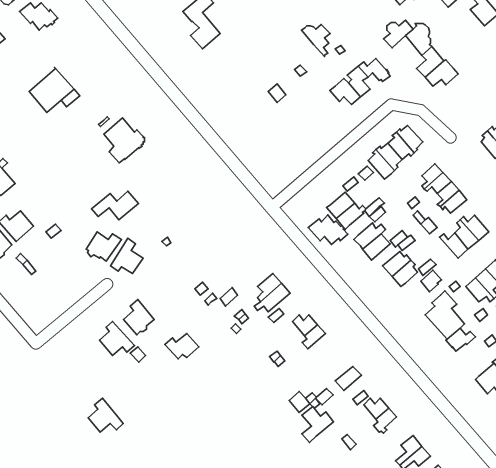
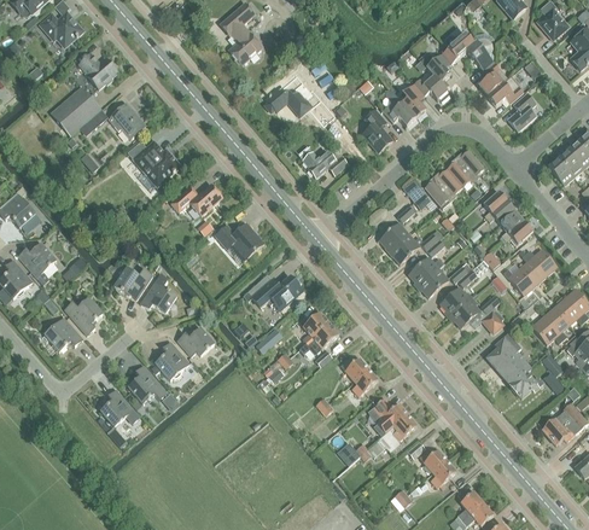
building: [301,25,330,56] -> [419,54,450,89]
building: none -> [78,54,117,89]
building: none -> [266,81,311,117]
building: none -> [506,94,535,133]
building: none -> [107,104,145,139]
building: none -> [362,111,391,153]
building: none -> [302,151,346,179]
building: [91,191,139,220] -> [170,185,222,216]
building: none -> [215,223,263,258]
building: [308,215,348,245] -> none
building: none -> [250,276,302,310]
building: none -> [64,298,101,336]
building: none -> [43,318,82,351]
building: [165,334,199,359] -> [176,328,214,356]
building: [88,398,123,432] -> [100,389,139,426]
building: [302,406,334,443] -> [372,398,407,438]

